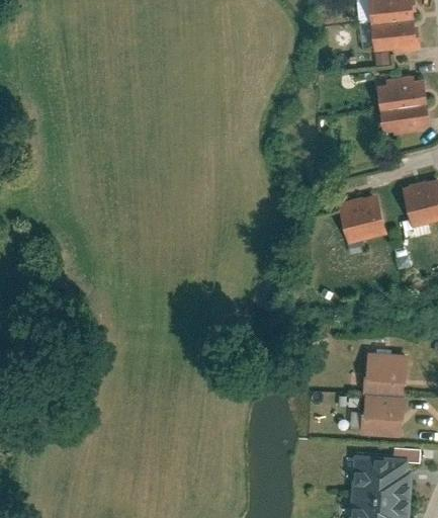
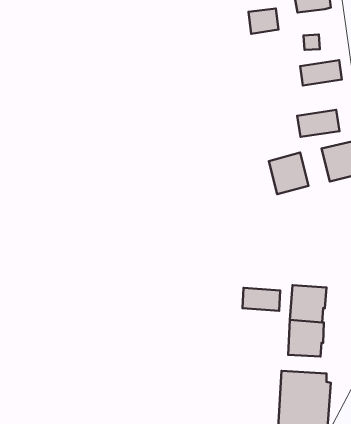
building: [373,21,409,52] -> [249,8,278,34]
building: [379,105,430,138] -> [297,110,340,137]
building: none -> [242,288,280,311]

